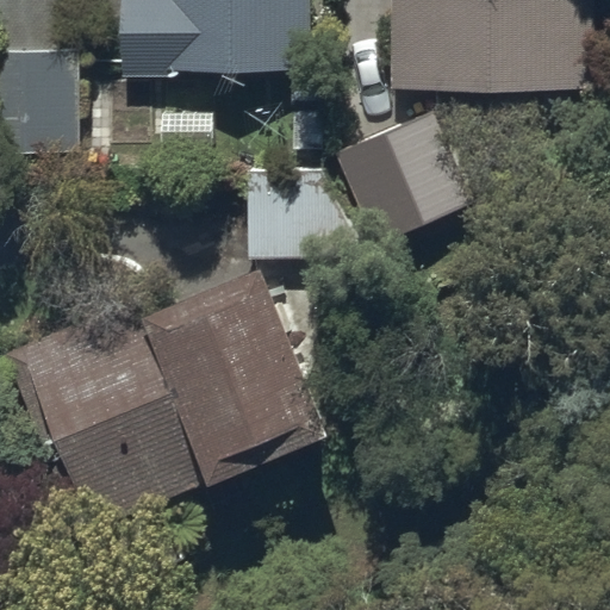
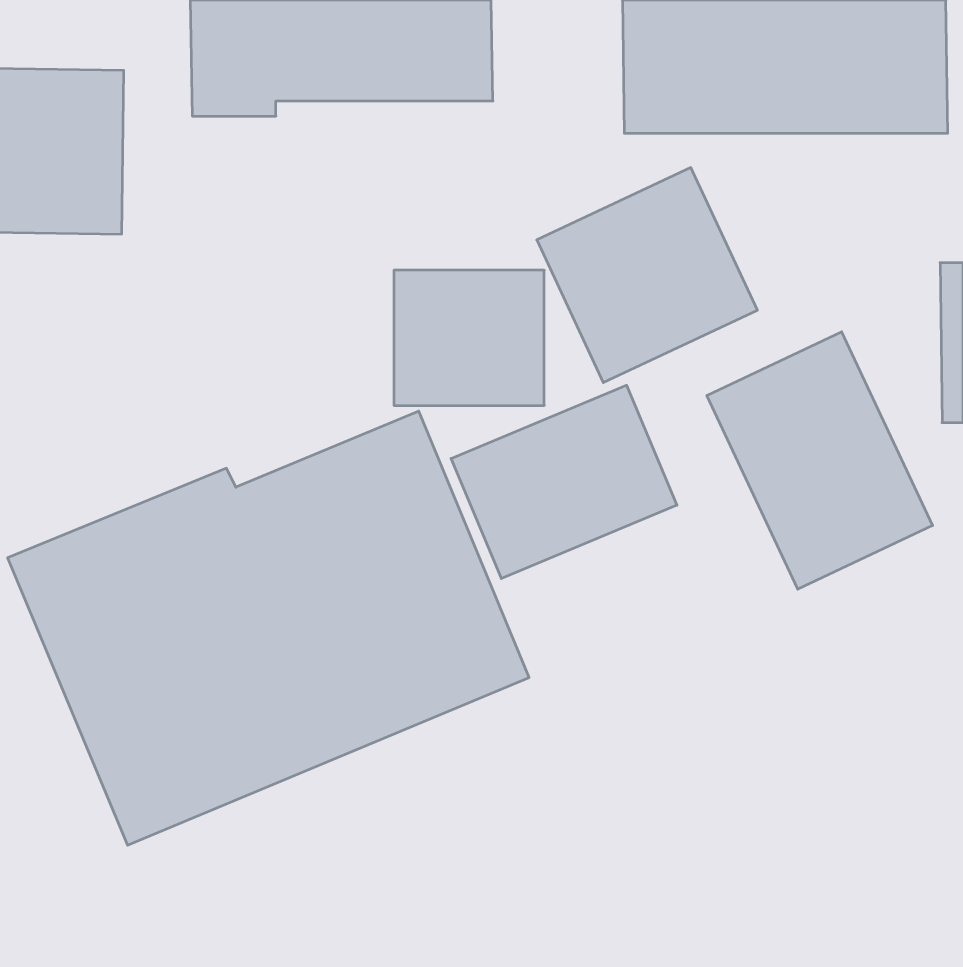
building: none -> [707,332,933,589]
building: none -> [451,385,677,579]

